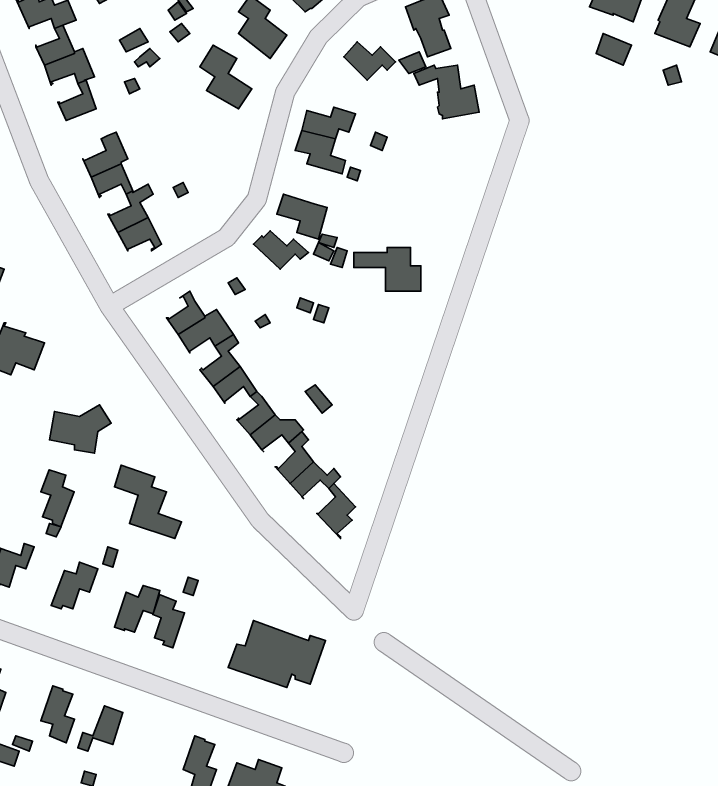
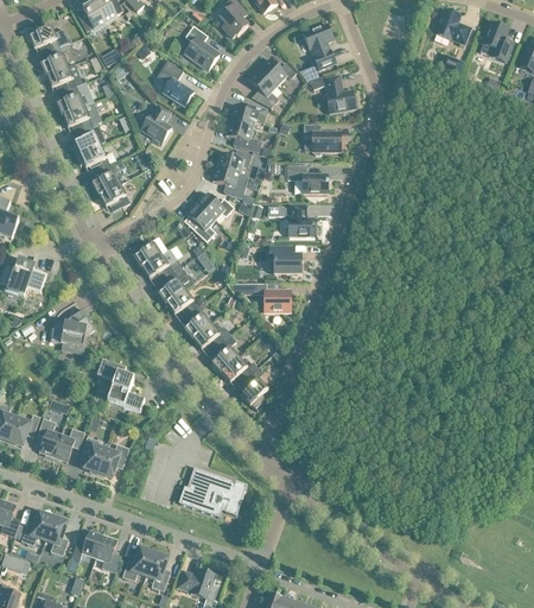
building: none -> [249,69,279,108]
building: none -> [63,102,102,128]
building: none -> [141,104,172,144]
building: none -> [304,124,342,154]
building: none -> [217,150,253,173]
building: none -> [287,164,328,192]
building: none -> [187,202,216,241]
building: none -> [269,246,304,276]
building: none -> [228,283,290,311]
building: [41,470,74,527] -> [38,418,62,458]
building: [153,594,185,648] -> [83,436,106,474]
building: none -> [21,512,53,545]
building: none -> [96,534,121,572]
building: none -> [122,547,154,581]

